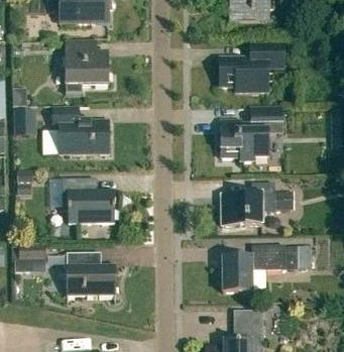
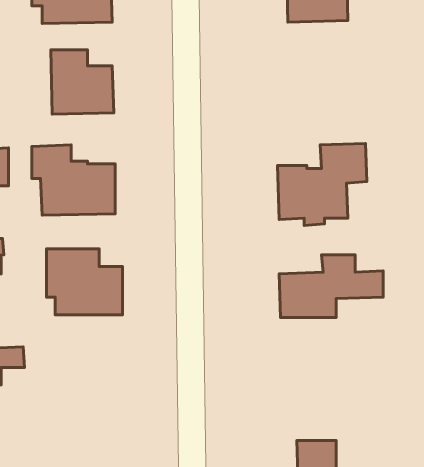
building: [219,42,283,92] -> none
building: [222,244,310,291] -> none
building: [65,251,115,297] -> none

